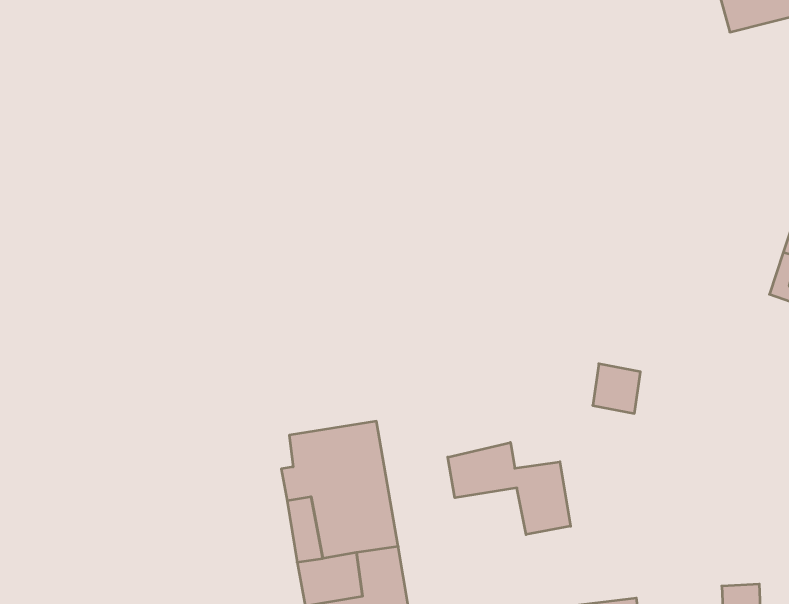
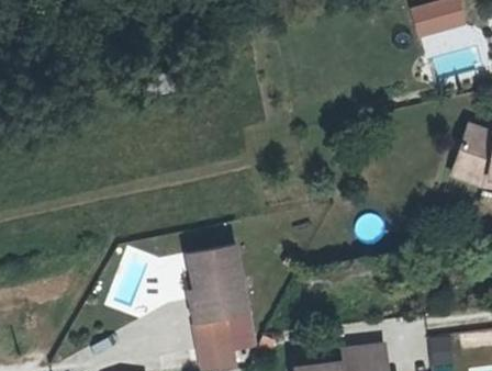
building: [448,442,571,535] -> none

